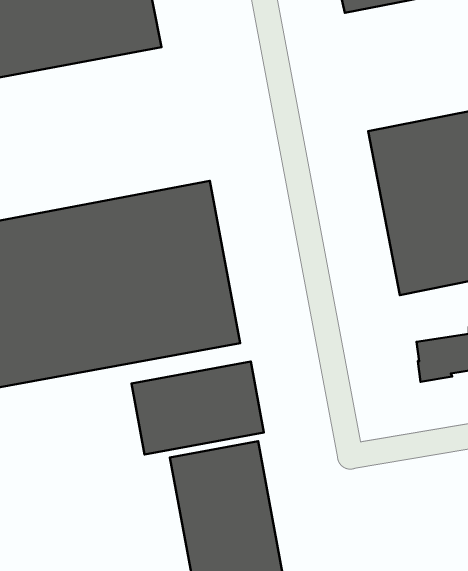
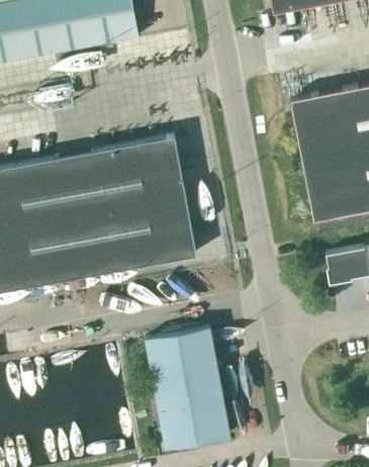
building: [132,362,264,455] -> none

